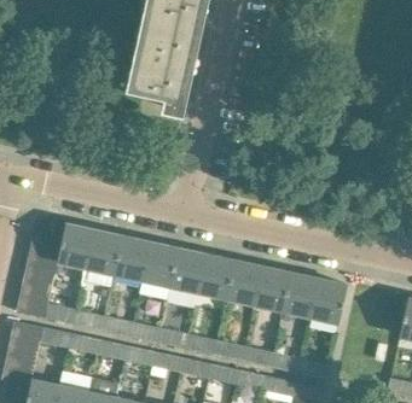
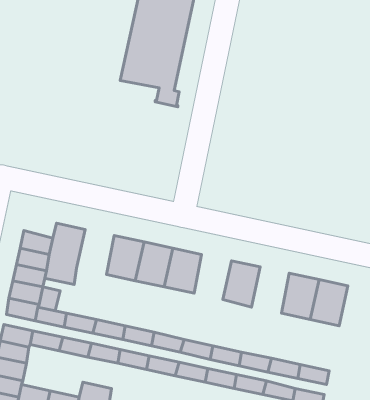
building: [86,230,122,274] -> none
building: [199,255,236,298] -> none
building: [255,267,291,311] -> none

